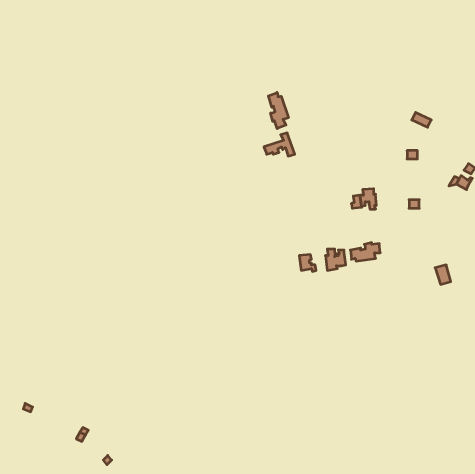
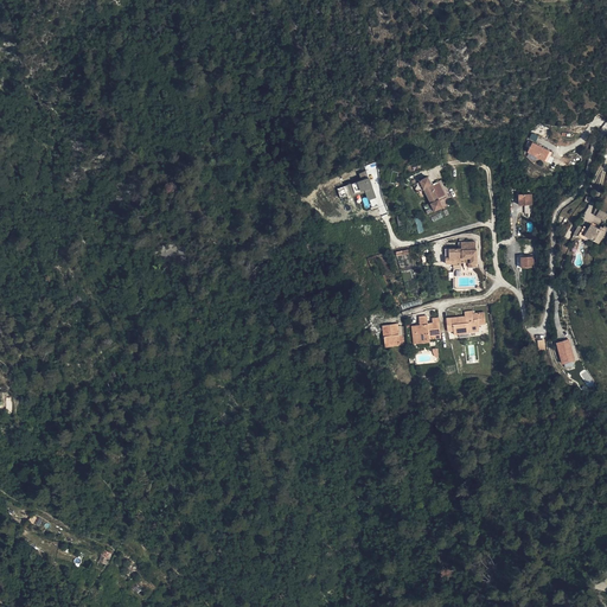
building: [268,92,288,129] -> none
building: none -> [414,175,447,213]

